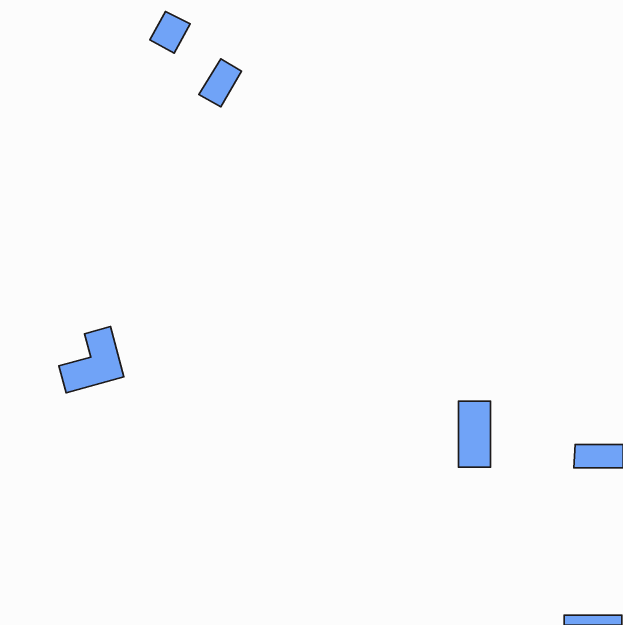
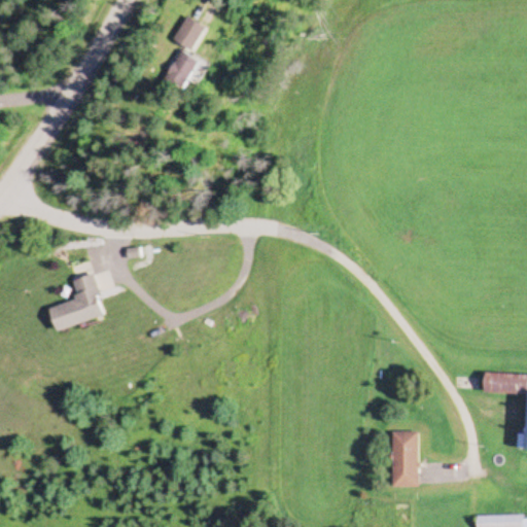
building: [150,11,190,53] -> [175,15,209,50]
building: [459,401,490,467] -> [389,431,416,487]

